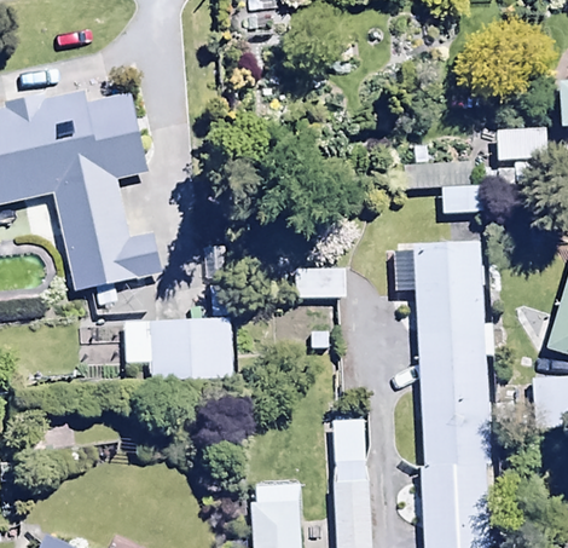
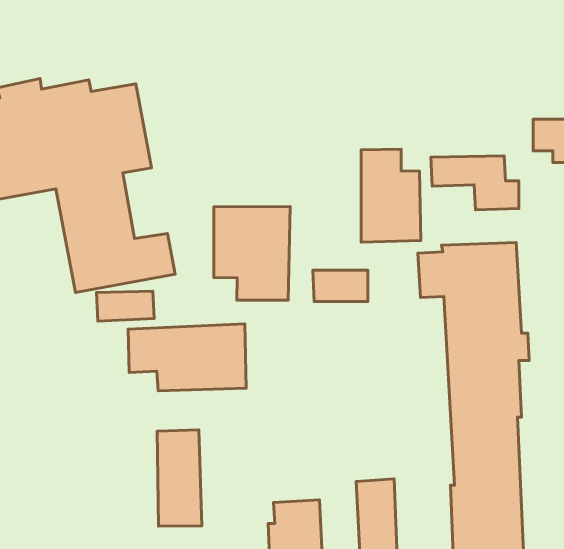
building: none -> [361,149,421,242]
building: none -> [214,207,290,300]
building: none -> [157,430,202,526]

